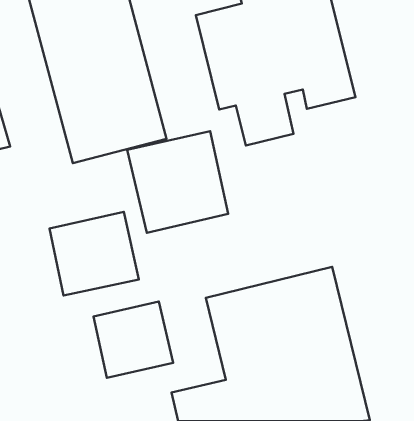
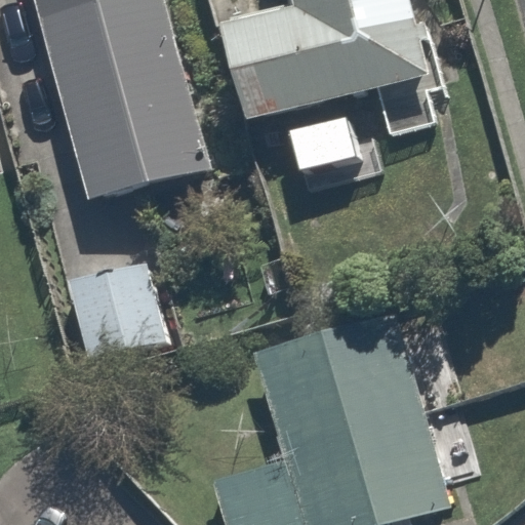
building: [127,131,228,233] -> none
building: [93,301,173,378] -> none

